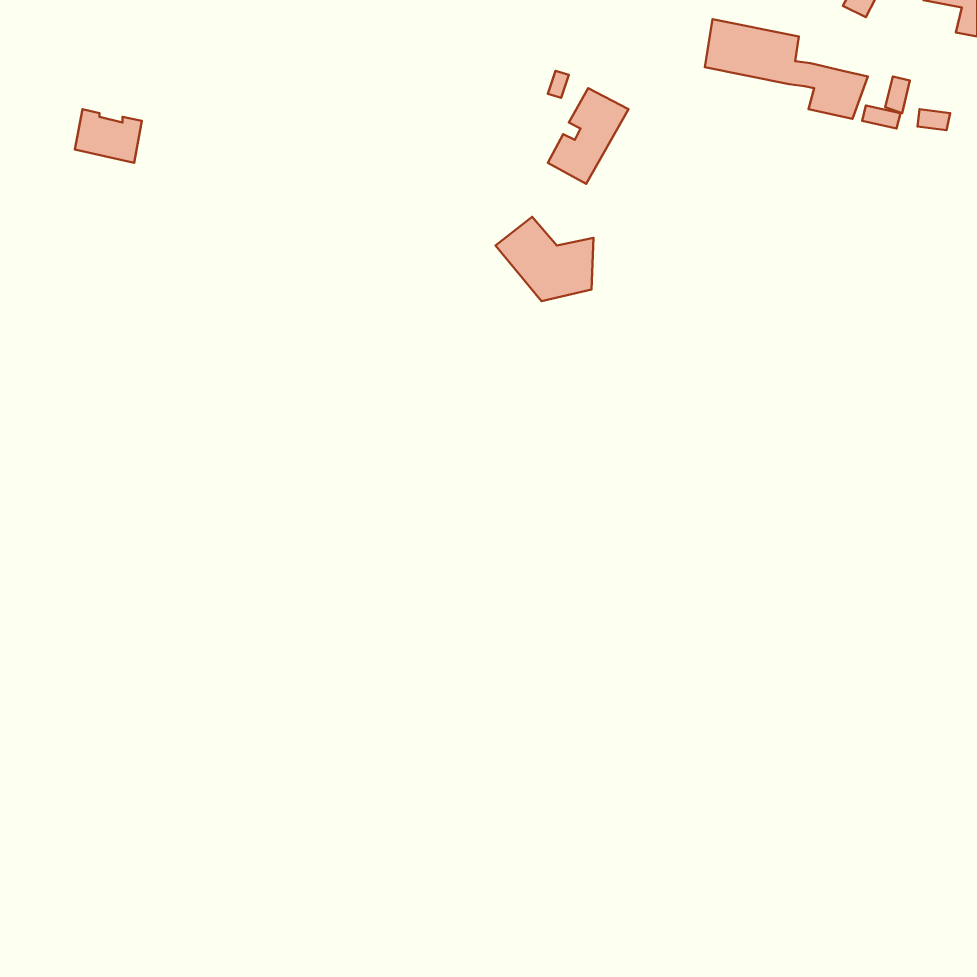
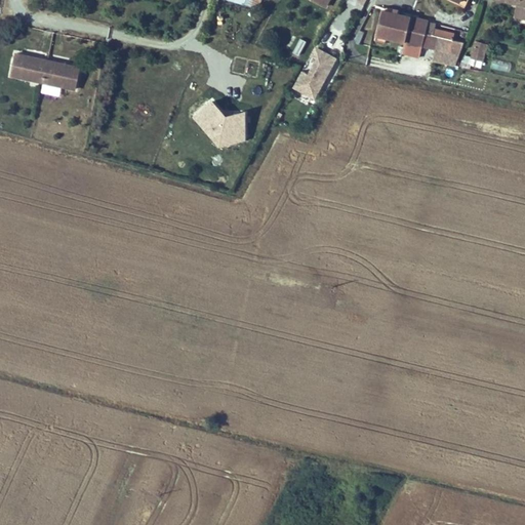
building: none -> [8,52,44,80]
building: [496,217,593,301] -> [193,102,245,147]

